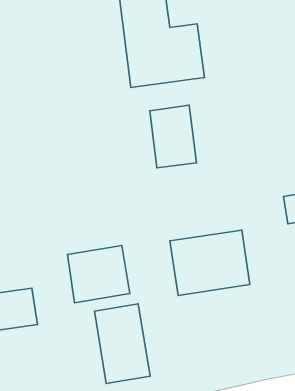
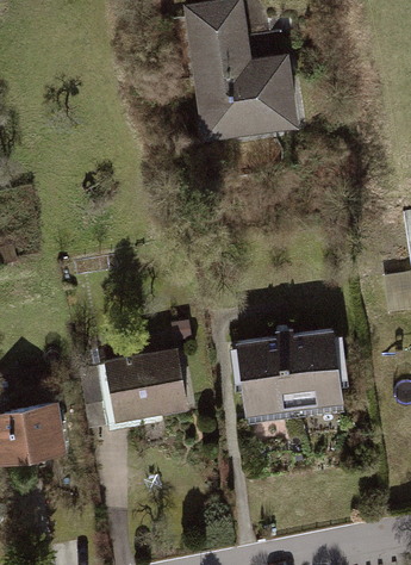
building: [150,105,197,168] -> none
building: [94,304,150,384] -> none

